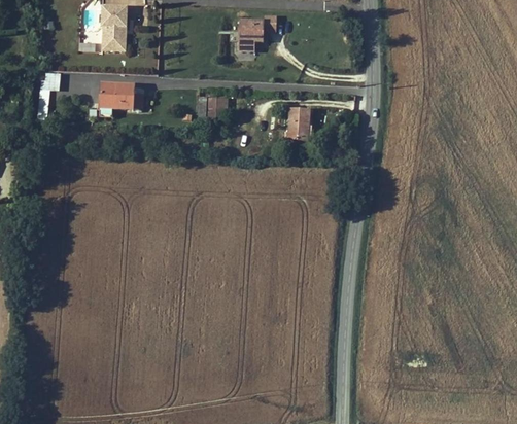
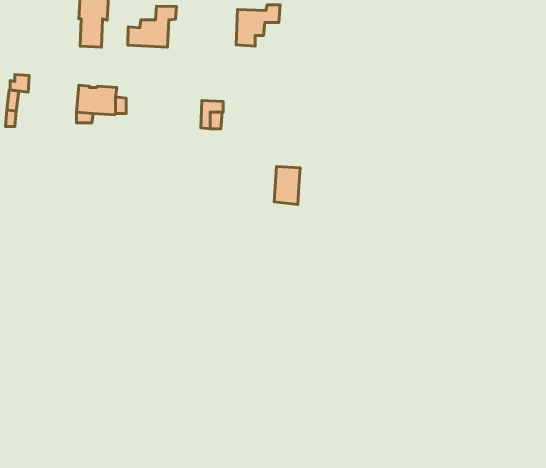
building: none -> [128,6,177,47]
building: [287,107,310,140] -> [274,167,300,204]

